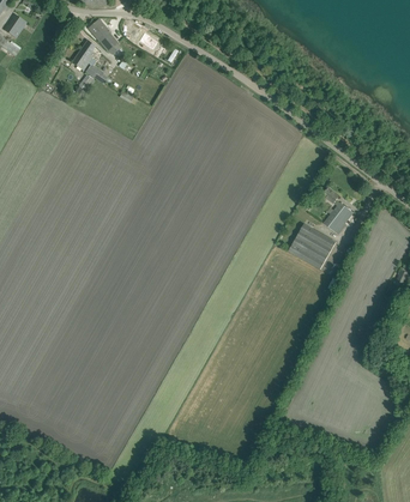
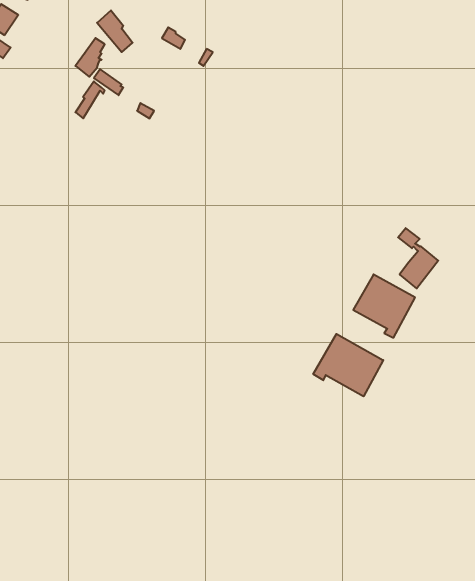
building: none -> [313,334,383,396]

